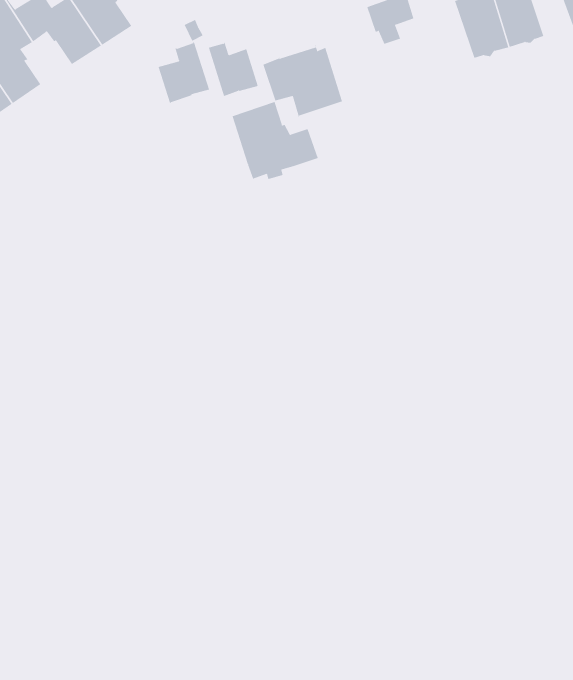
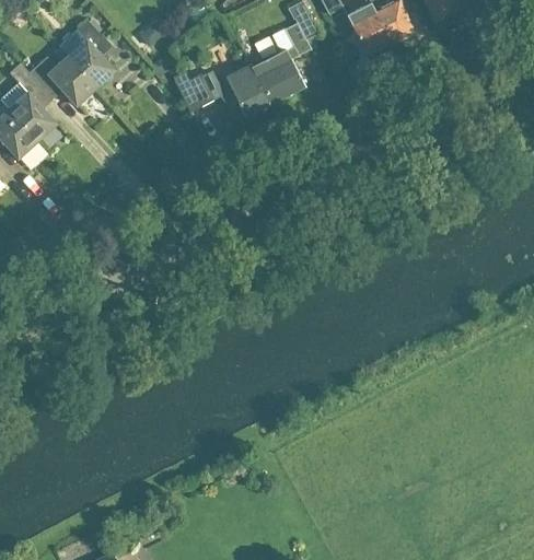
building: none -> [258,45,306,100]
building: [158,41,210,104] -> none
building: [232,101,319,180] -> none

